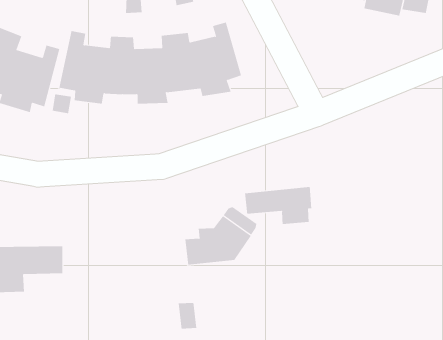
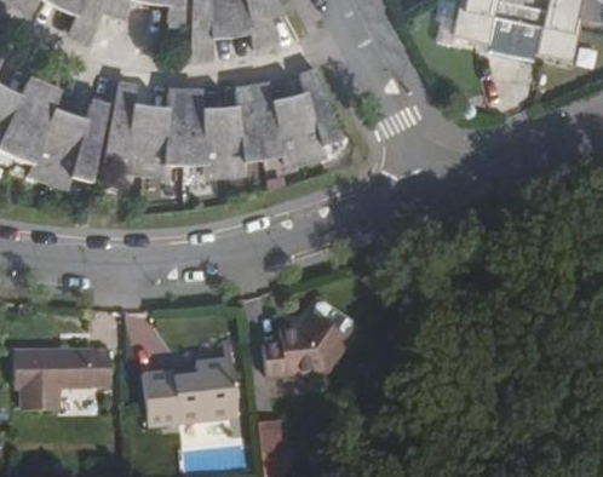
building: [244,186,312,225] -> none
building: none -> [143,360,239,426]

